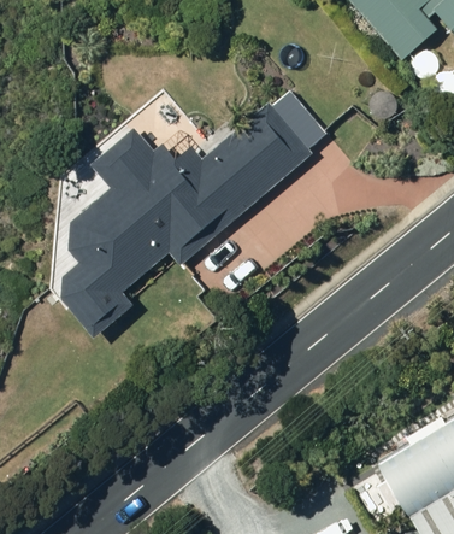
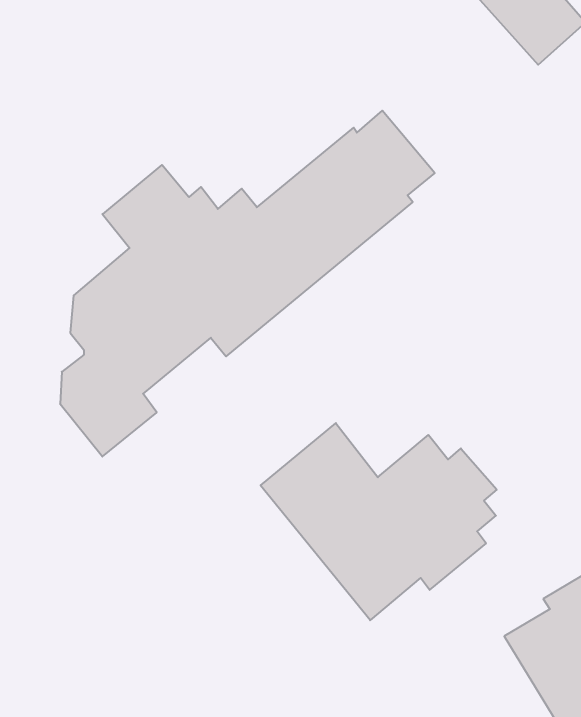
building: none -> [261,423,497,620]

